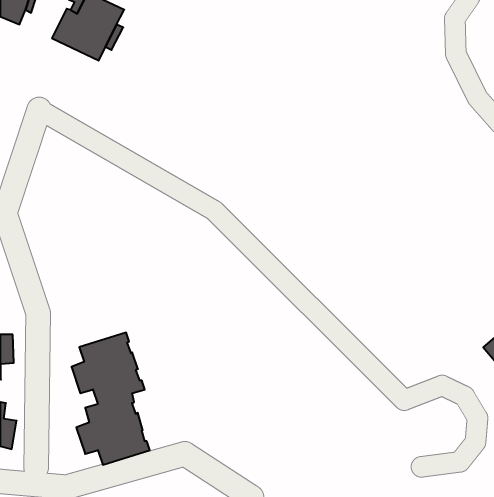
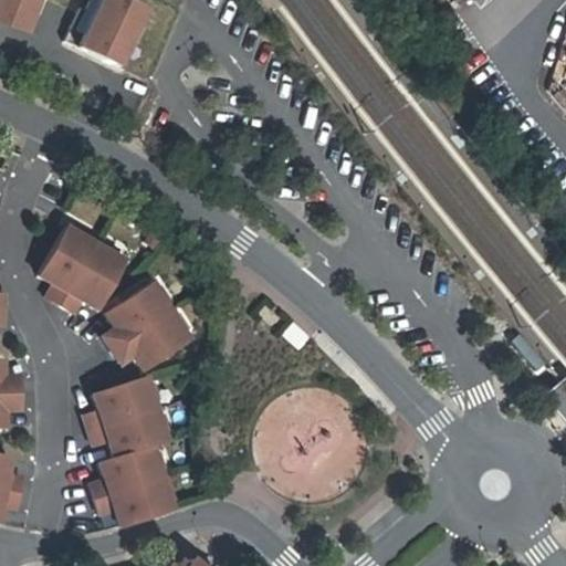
building: none -> [42,226,127,312]
building: none -> [106,282,192,368]

